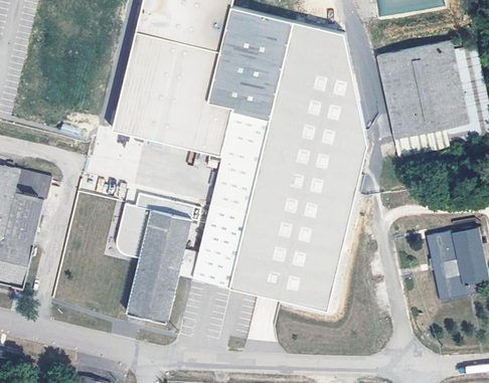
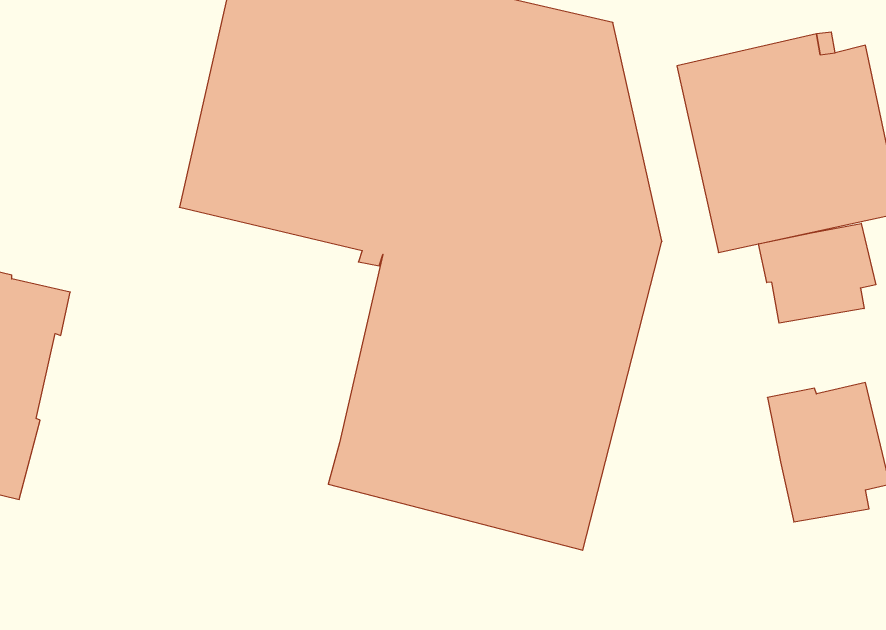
building: none -> [759,223,876,323]
building: [117,192,200,320] -> none

